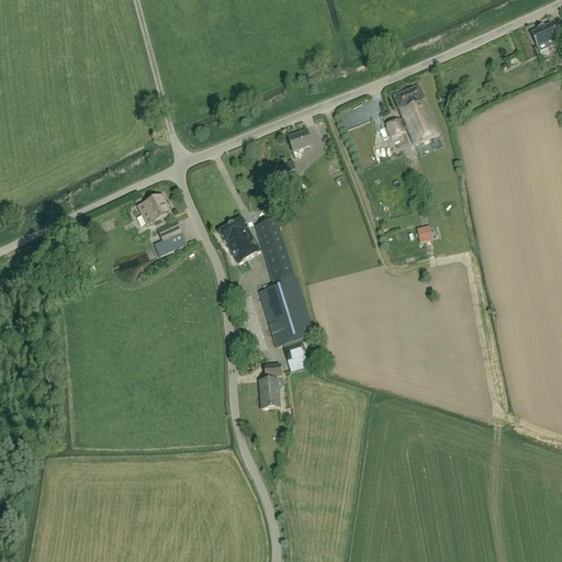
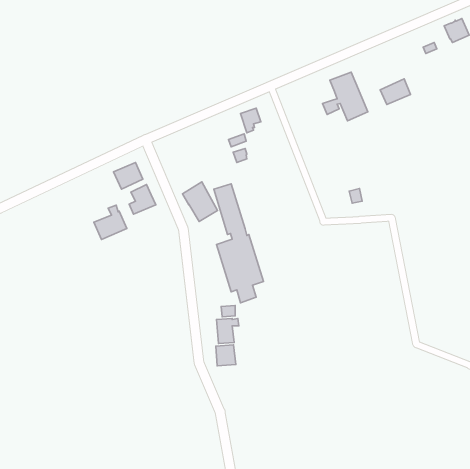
building: none -> [380,79,411,104]
building: none -> [94,205,127,239]
building: none -> [216,345,236,366]

